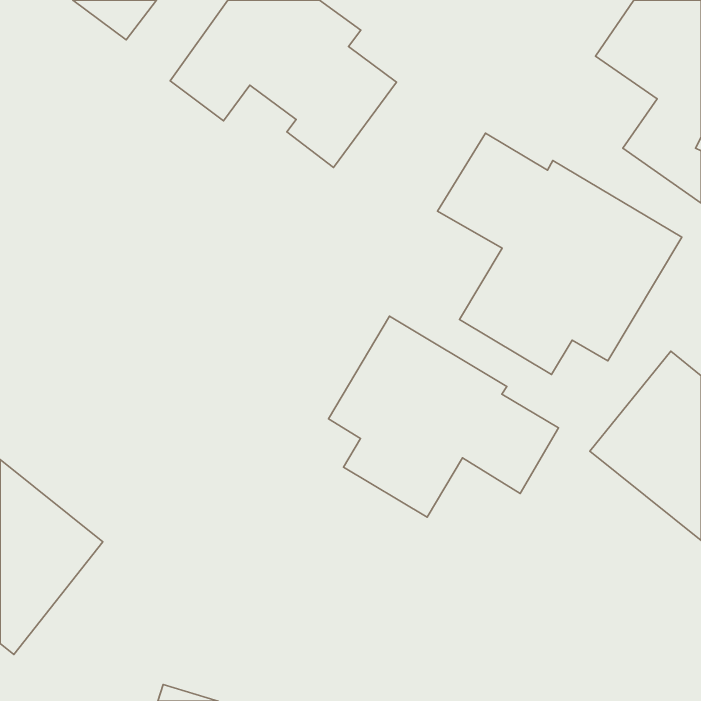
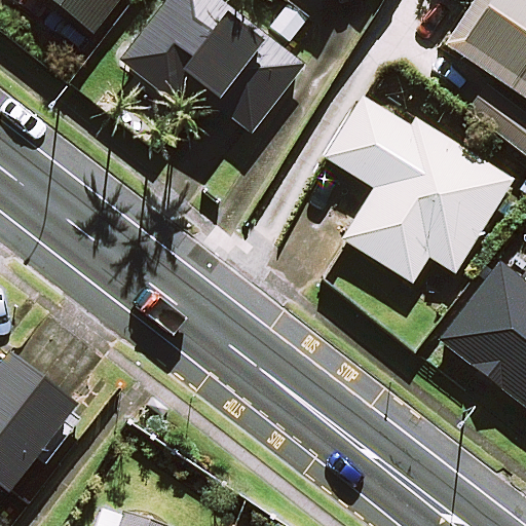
building: [328,316,558,517] -> none

